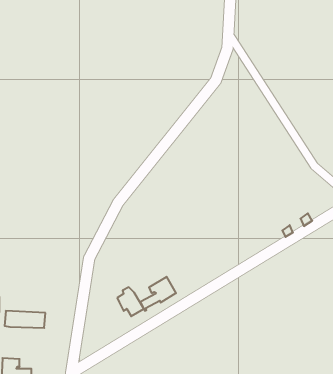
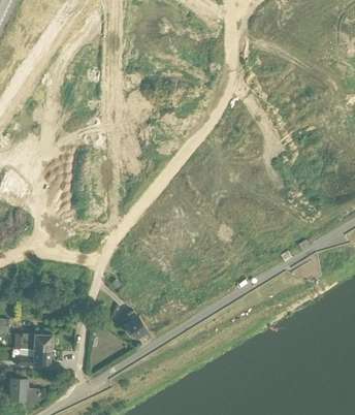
building: [140,277,176,311] -> none
building: none -> [14,348,53,365]

